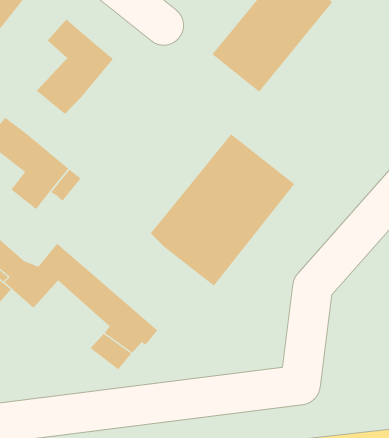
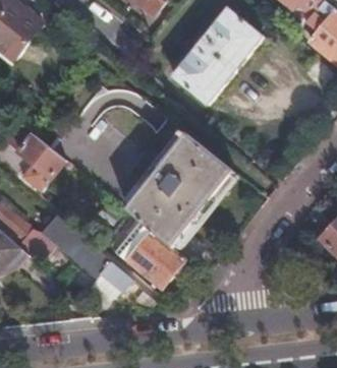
building: [36,18,114,115] -> none
building: none -> [125,218,187,287]

